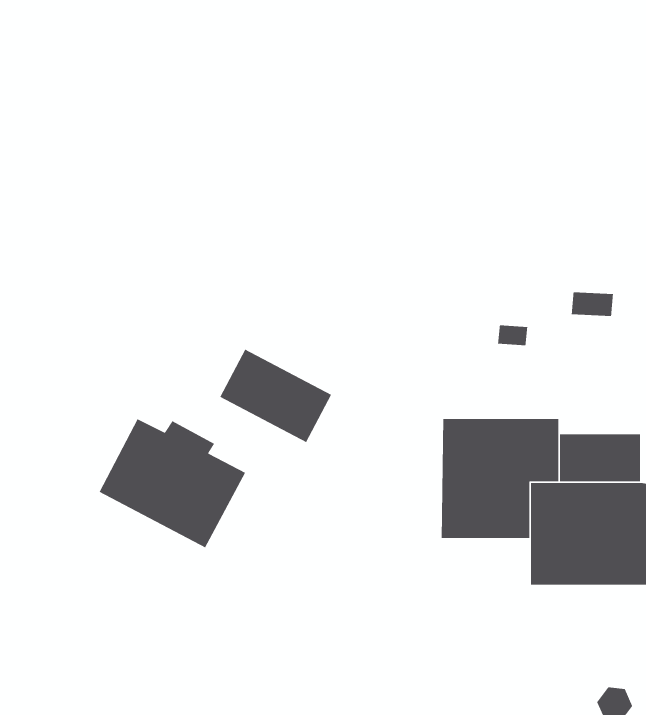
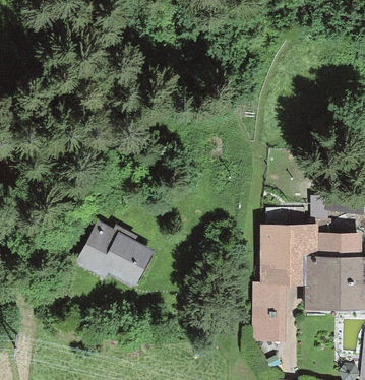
building: [219,348,332,443] -> none
building: none -> [252,287,286,342]

